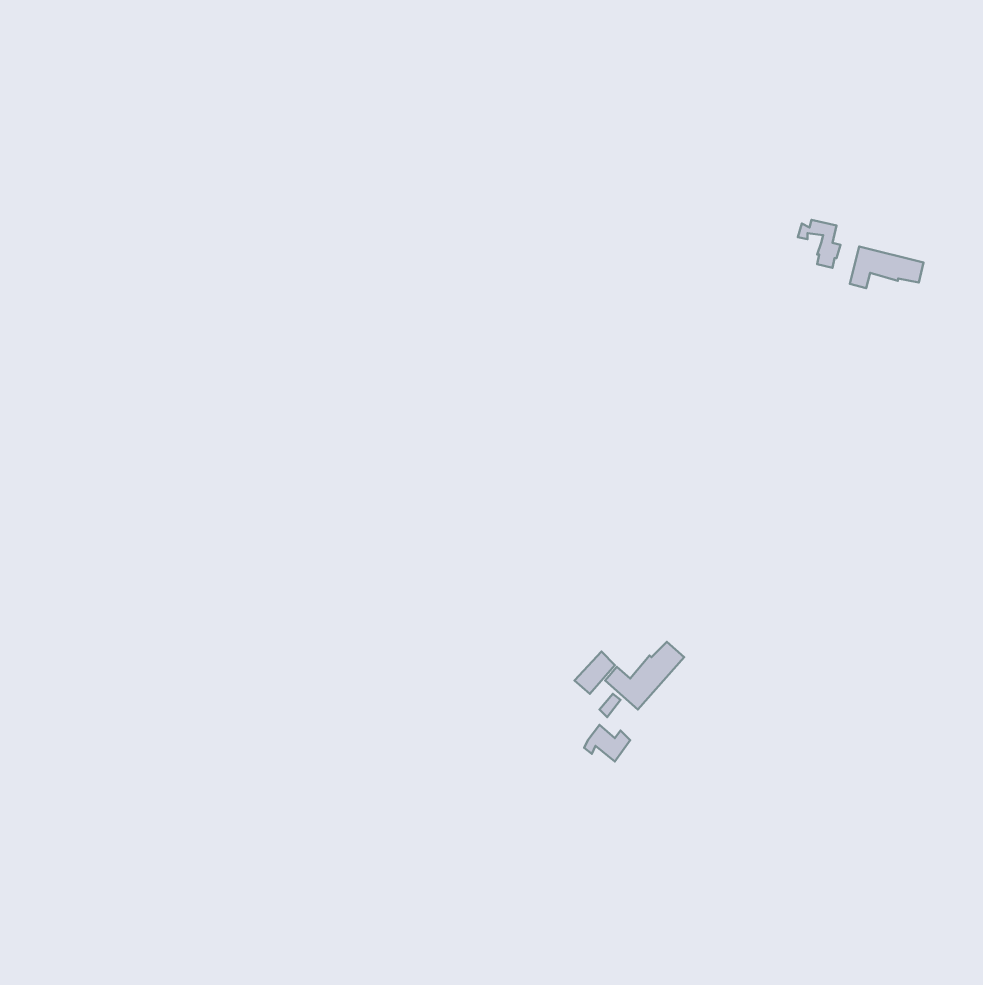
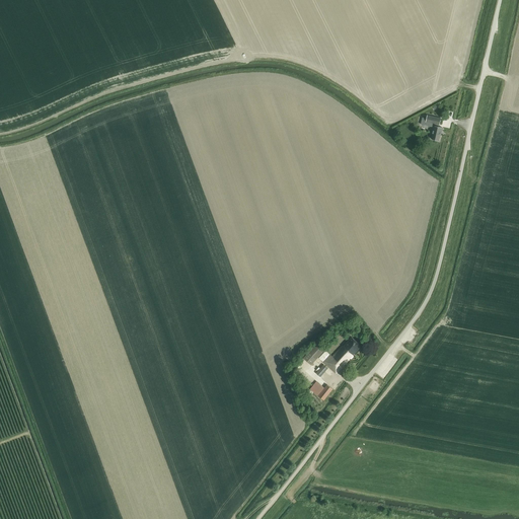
building: [850,246,924,288] -> none

